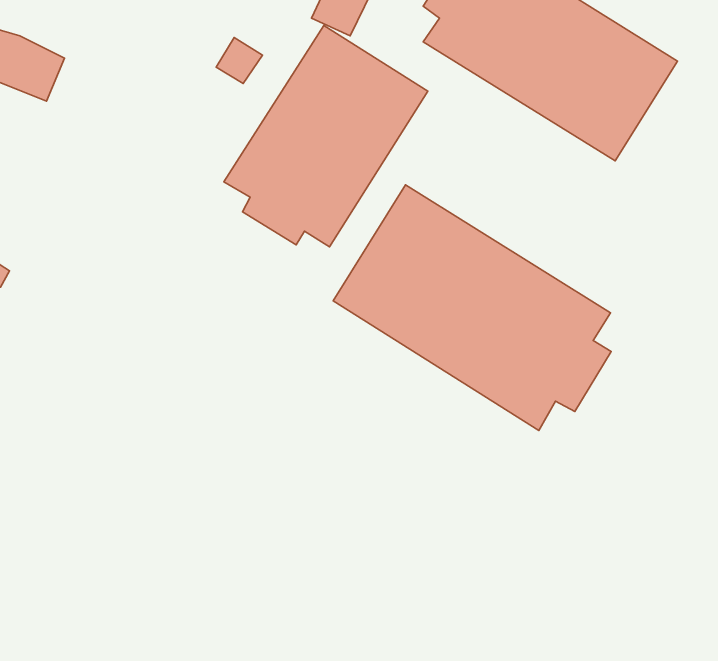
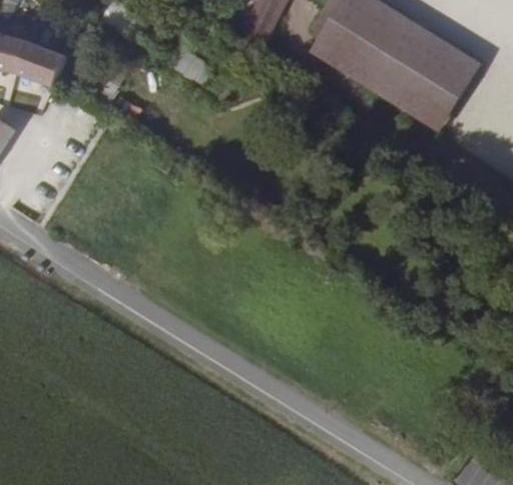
building: [224,26,428,247] -> none
building: [333,185,611,430] -> none

